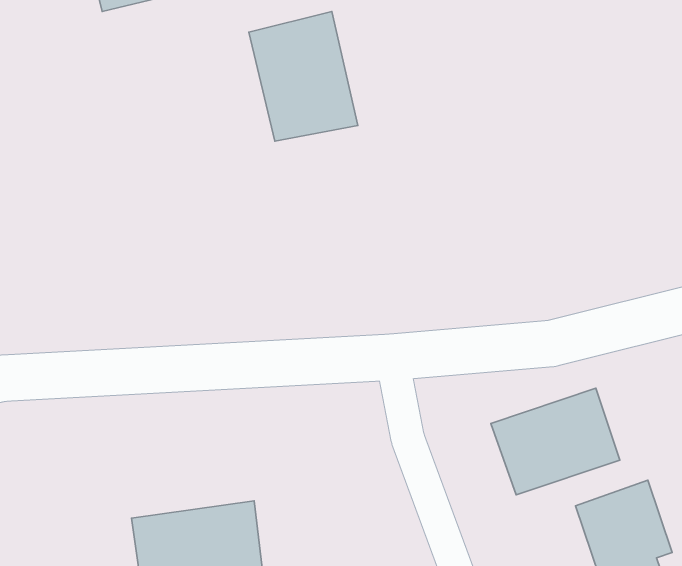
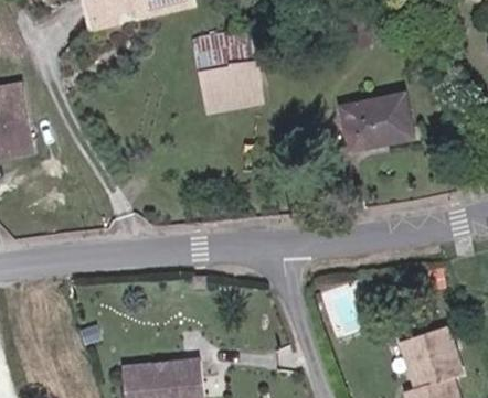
building: none -> [340,93,407,152]
building: [491,388,620,495] -> none

